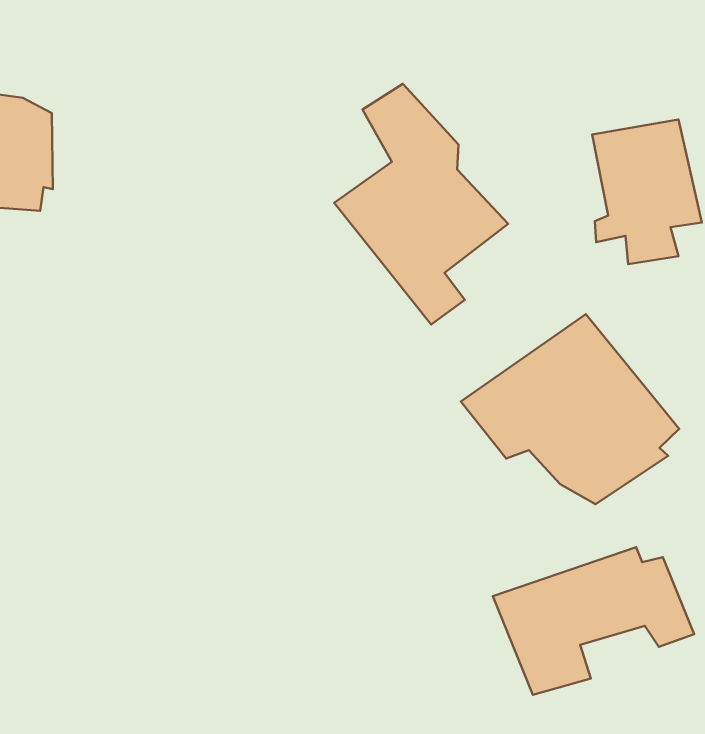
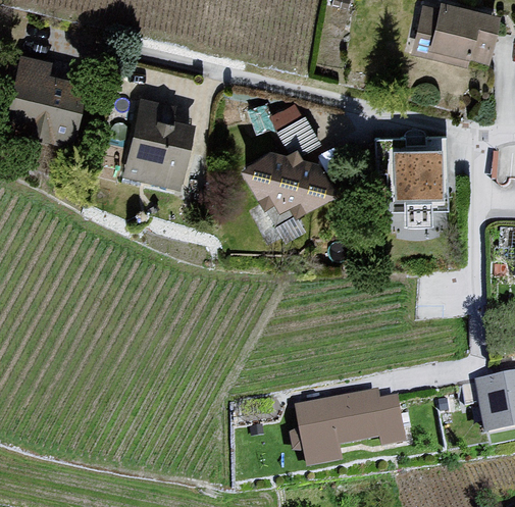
building: none -> [120,96,191,187]
building: [461,314,679,504] -> none

